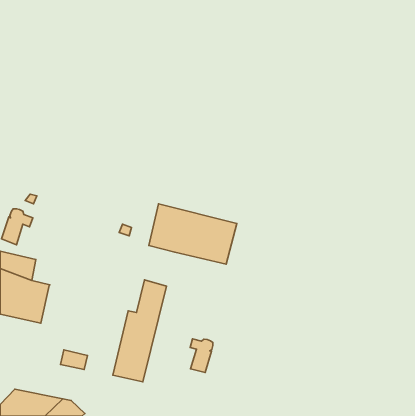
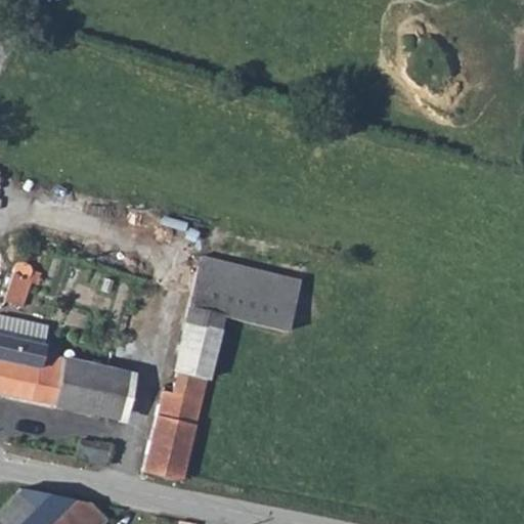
building: none -> [179,308,222,359]
building: none -> [54,358,124,418]
building: [190,339,213,372] -> none

